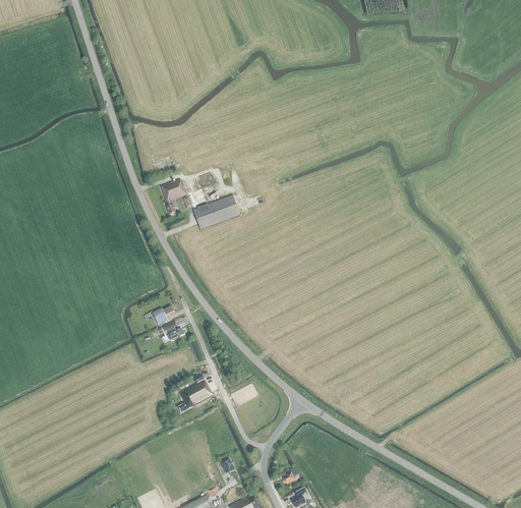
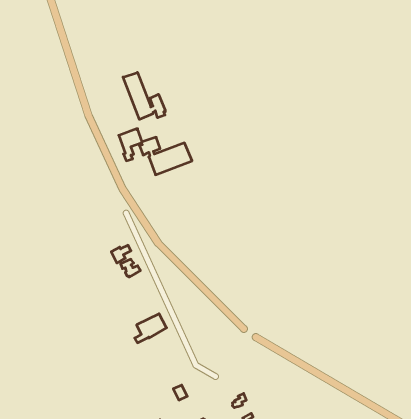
building: none -> [123,72,165,119]

